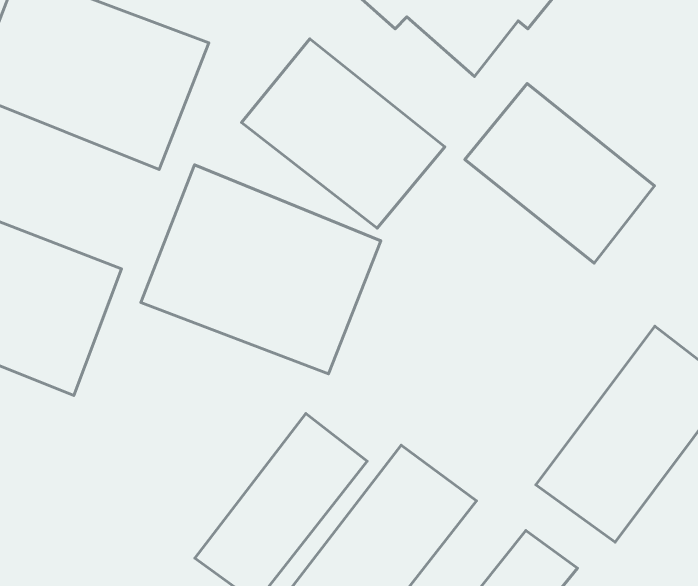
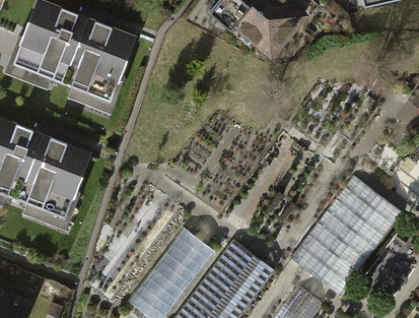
building: [242,39,445,228] -> none
building: [465,83,655,263] -> none
building: [141,165,381,374] -> none

